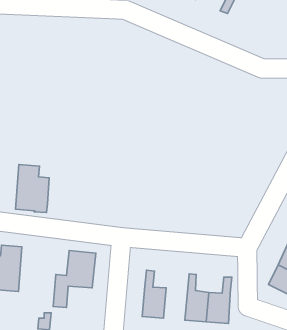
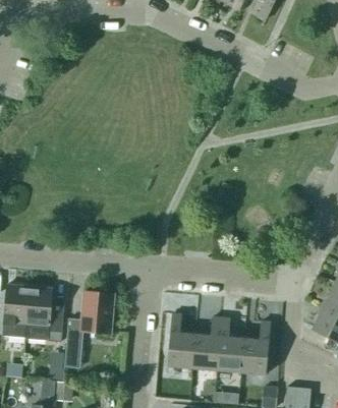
building: [15,164,49,213] -> [25,287,64,342]
building: none -> [191,316,221,370]

